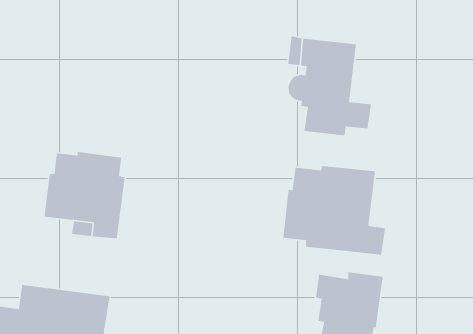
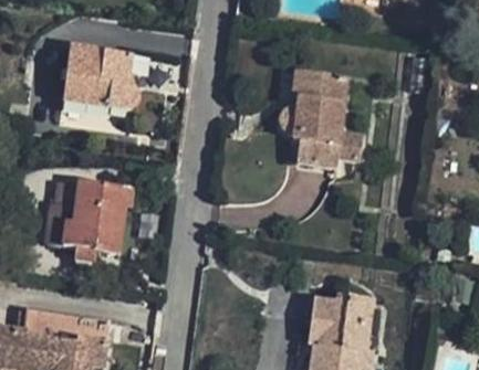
building: none -> [64,46,139,109]
building: [283,165,386,255] -> none

